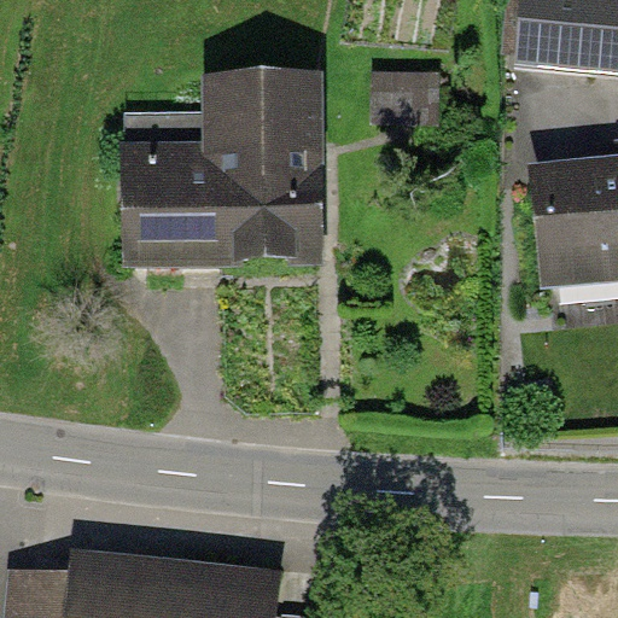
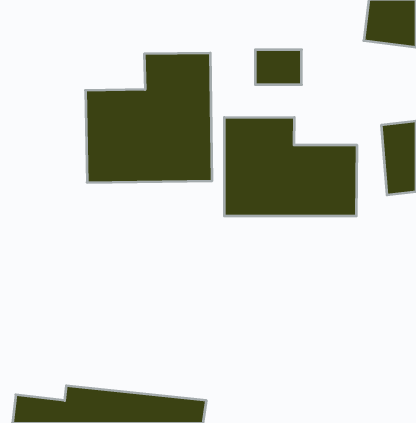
building: none -> [224,117,357,216]

